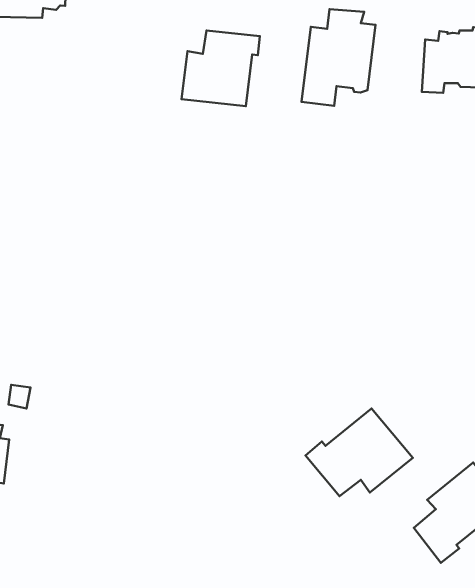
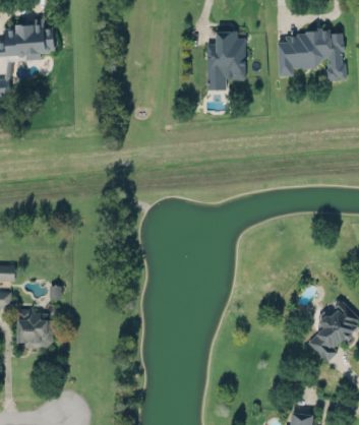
building: [182,30,260,106] -> none
building: [305,408,413,496] -> none

